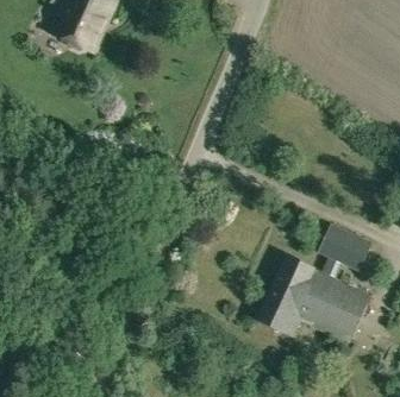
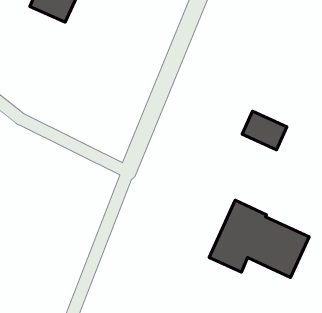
building: [319,226,370,270] -> [242,111,287,150]

